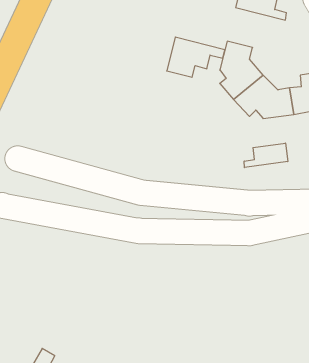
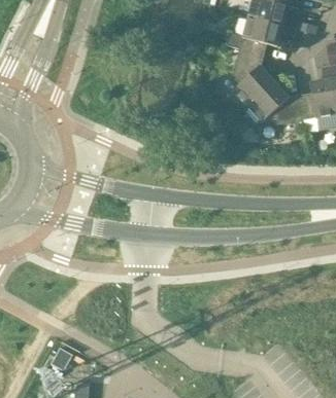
building: [167,37,225,77] -> [239,15,296,55]
building: [244,143,288,168] -> none

